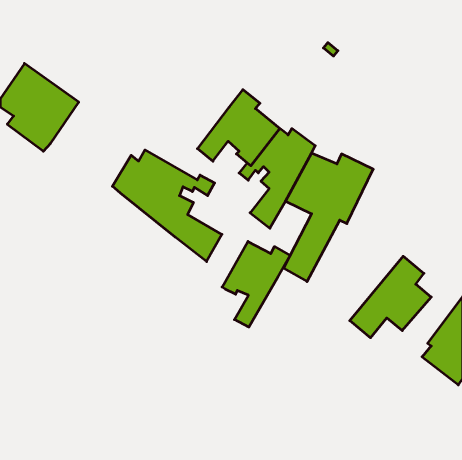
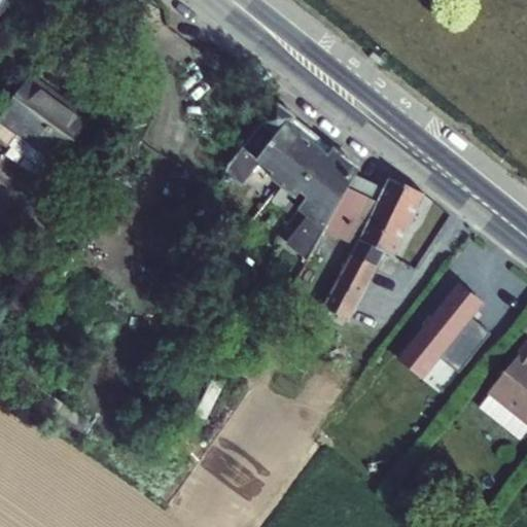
building: [112,150,222,262] -> none
building: [222,241,290,327] -> none

